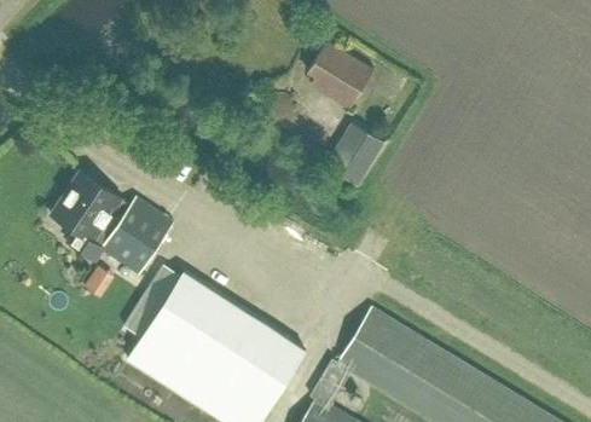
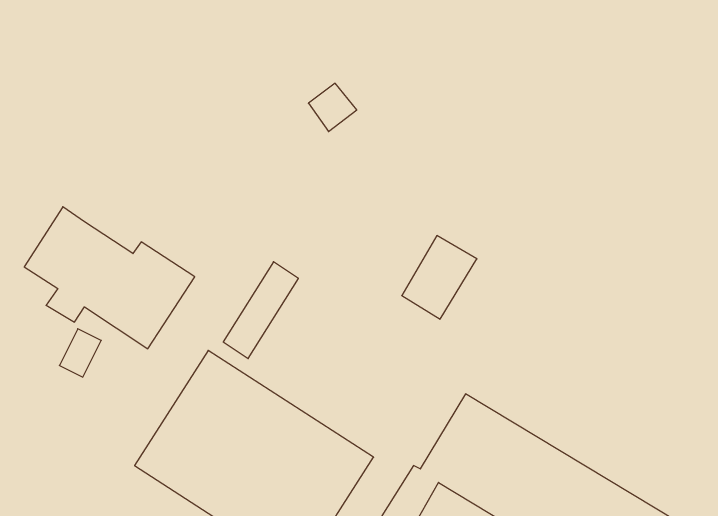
building: [309,42,372,108] -> none
building: [330,125,384,185] -> [402,236,477,319]
building: [127,268,181,339] -> [223,262,298,359]

